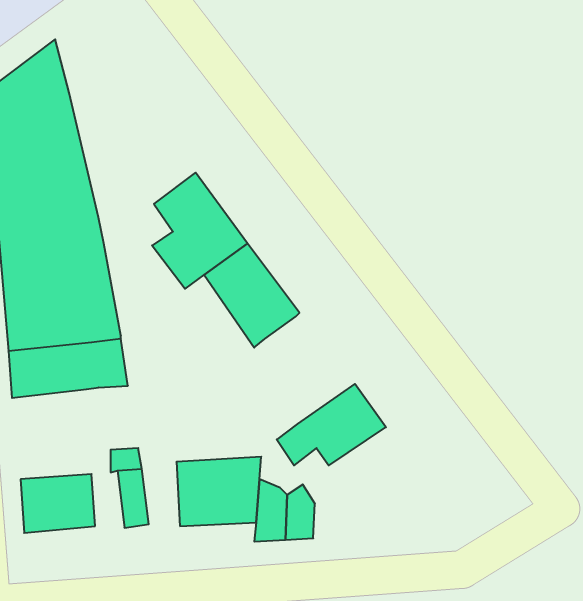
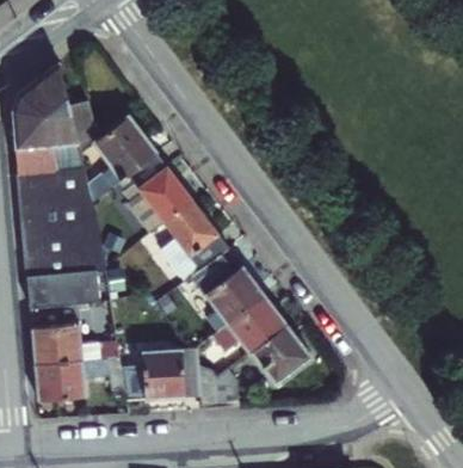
building: none -> [68,96,155,203]
building: none -> [190,253,265,327]
building: none -> [29,303,84,365]
building: none -> [247,330,309,388]

